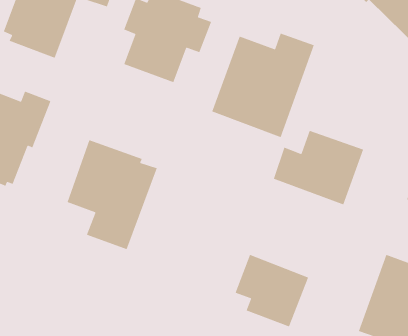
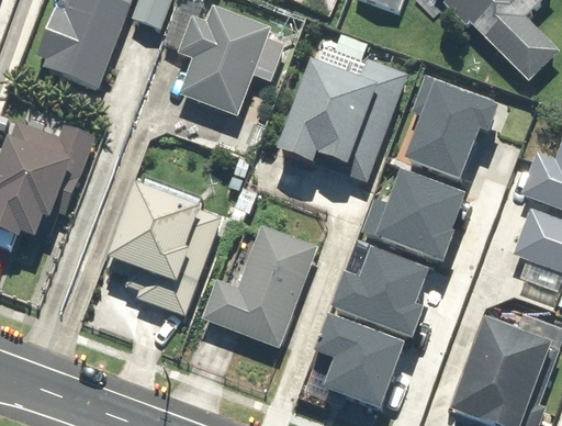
building: none -> [404,78,496,177]
building: none -> [202,225,316,346]
building: none -> [331,250,425,335]

